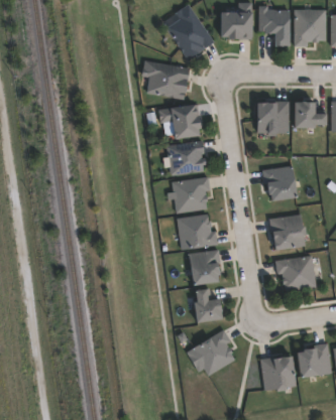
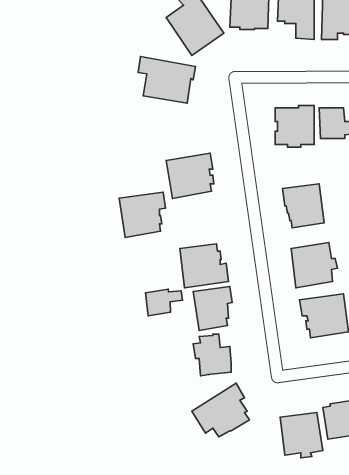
building: [158,105,198,139] -> none
building: [172,176,210,214] -> [119,192,166,237]
building: none -> [146,289,183,316]

